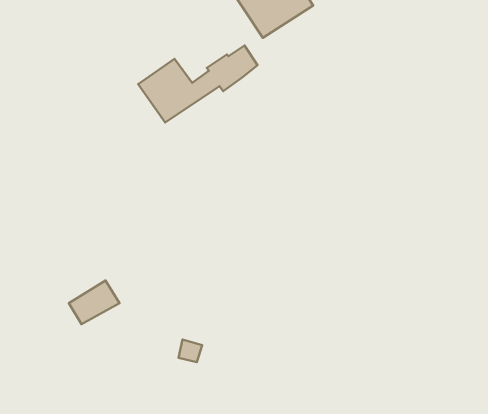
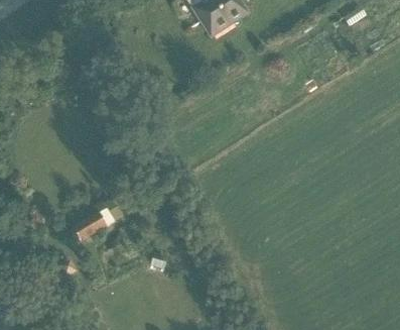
building: [138,45,258,123] -> none

